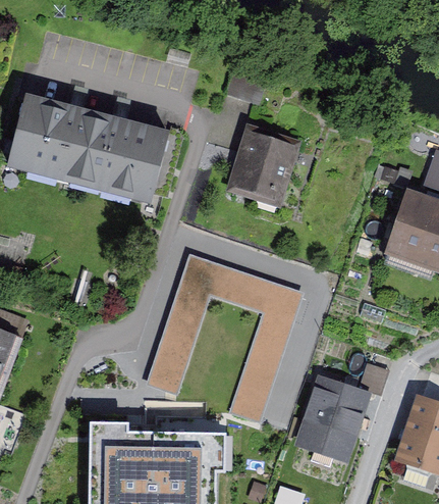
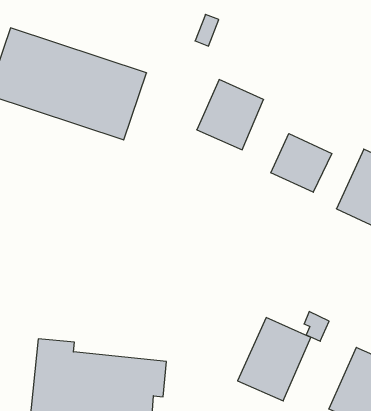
building: none -> [271,134,332,192]
building: [147,253,299,422] -> none

